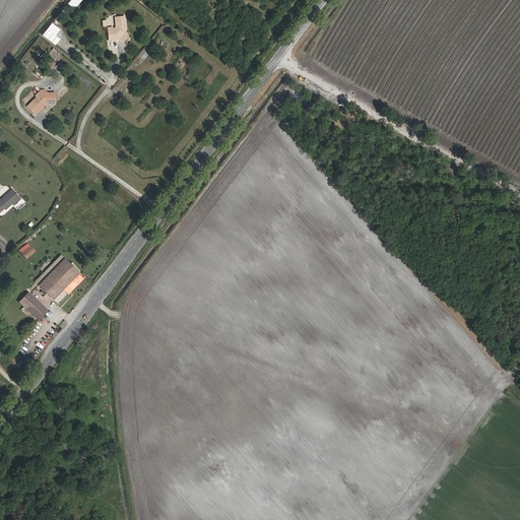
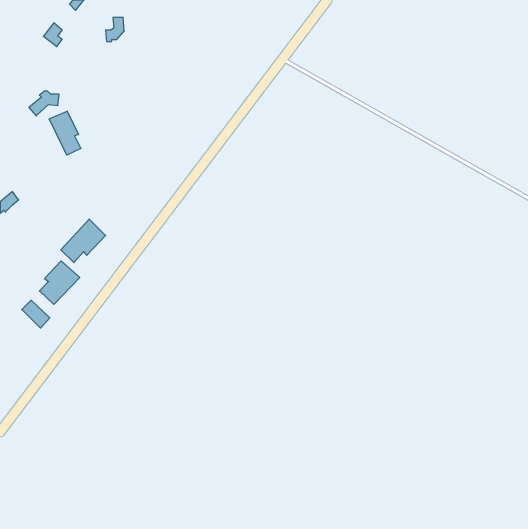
building: none -> [49,111,81,155]
building: none -> [61,219,106,263]

